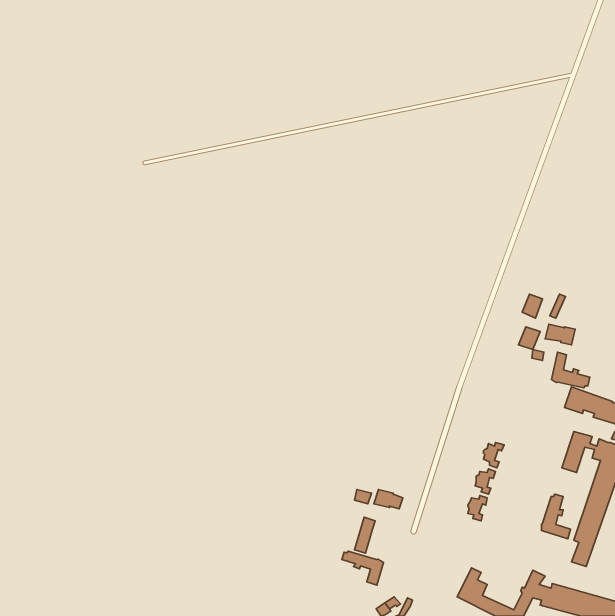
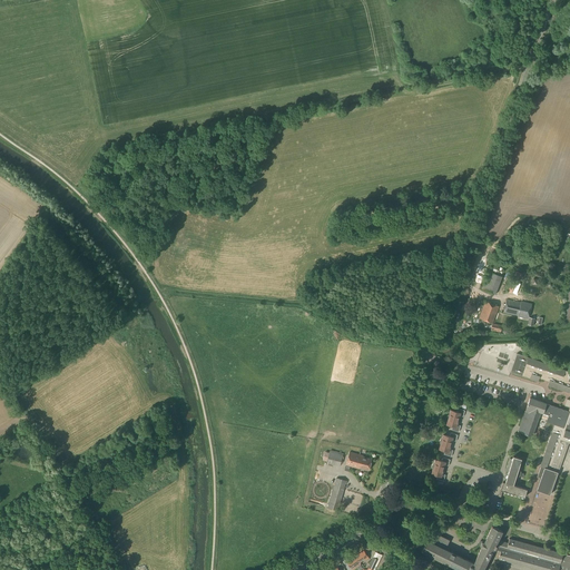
building: [551,352,590,388] -> none
building: [342,551,383,585] -> none

